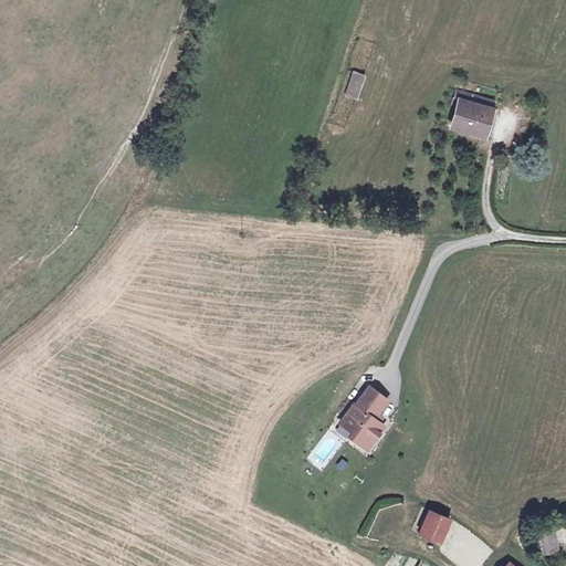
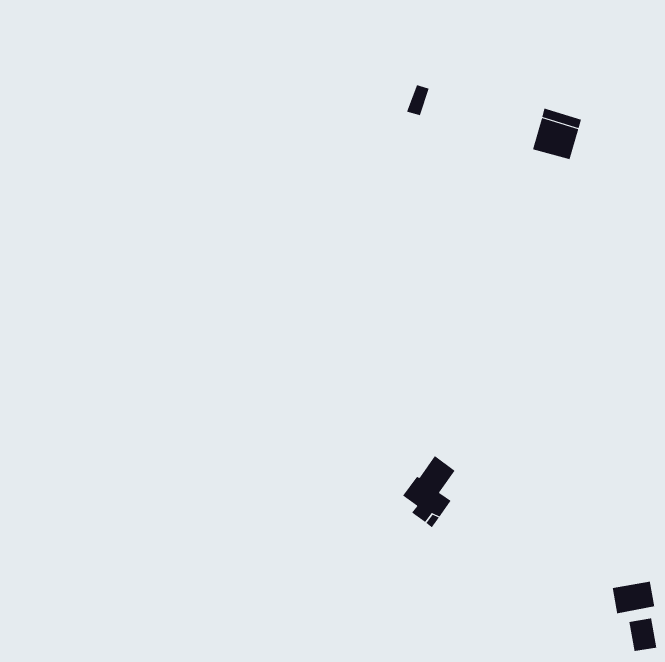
building: none -> [612,581,655,614]
building: [419,512,450,545] -> none

